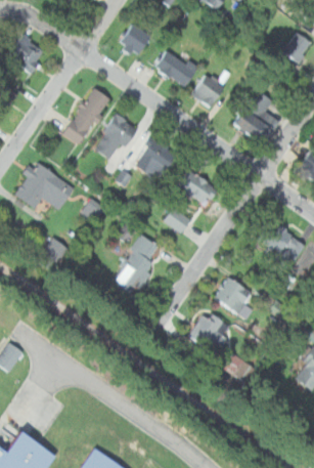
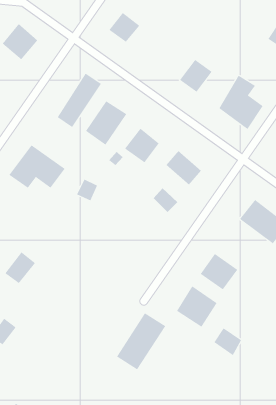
building: [155,51,195,86] -> none
building: [111,233,164,294] -> [116,312,166,370]
building: [36,237,69,270] -> [5,251,36,284]

